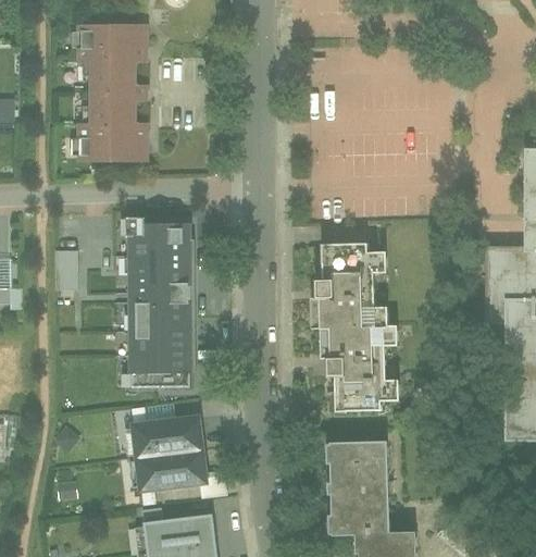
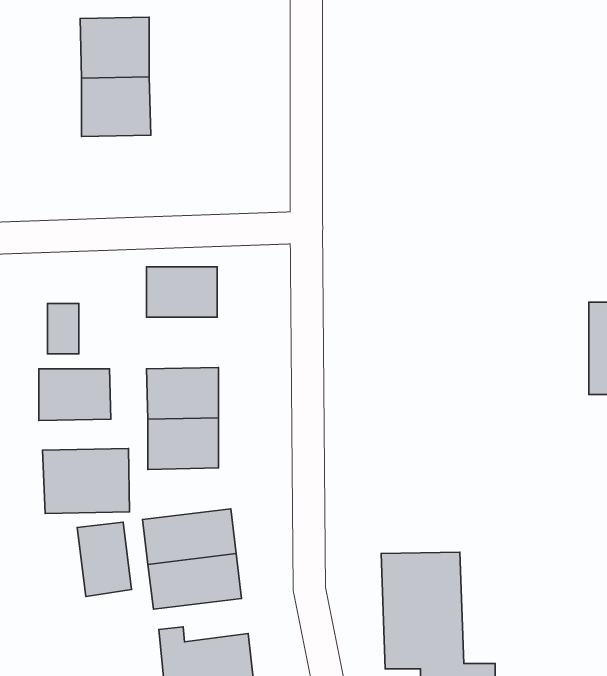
building: [84,114,140,162] -> none
building: [310,243,396,413] -> none
building: [136,260,194,301] -> [39,369,111,421]
building: none -> [42,449,129,514]
building: none -> [77,522,131,596]

